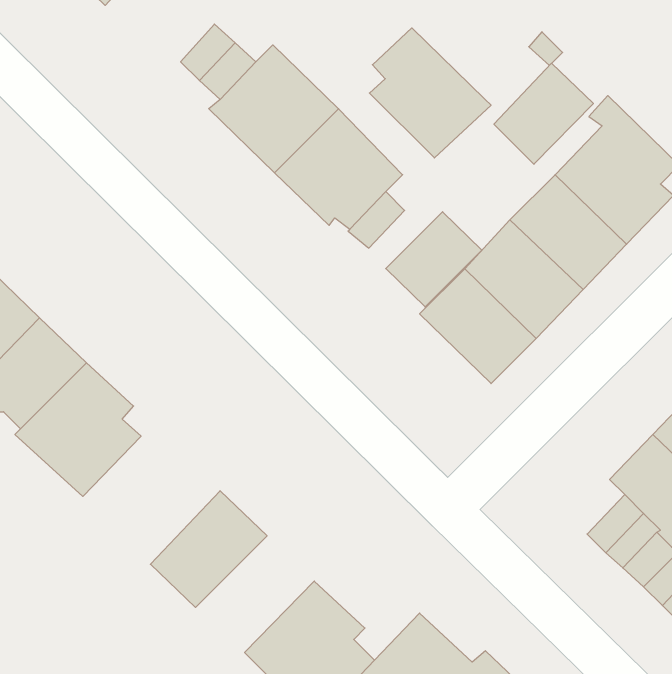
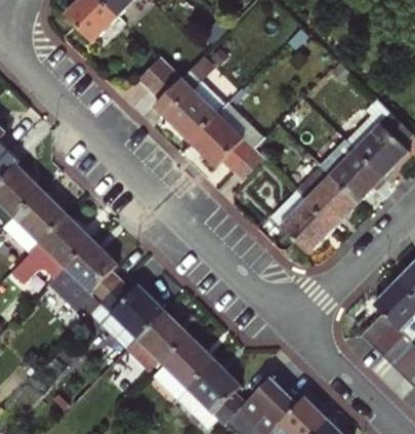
building: [369,28,491,158] -> none
building: [494,63,593,164] -> none
building: [386,212,482,307] -> none
building: none -> [87,280,162,350]
building: none -> [149,334,213,398]

